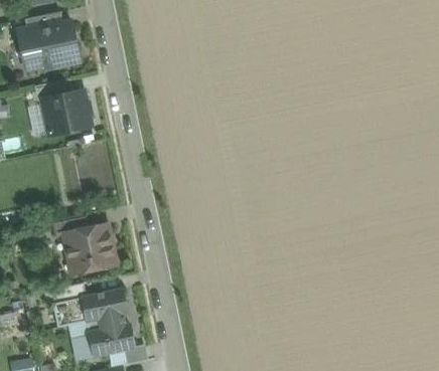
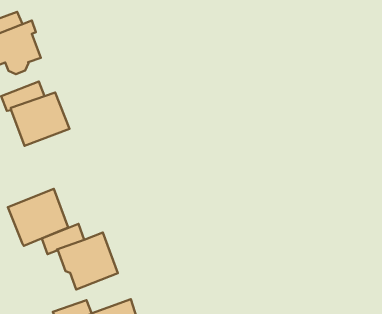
building: none -> [8,189,68,246]

